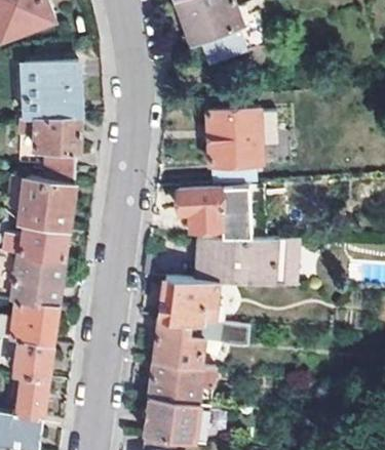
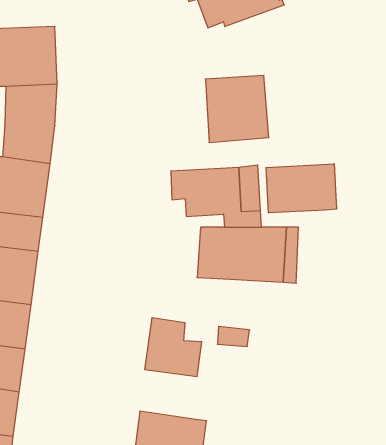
building: none -> [266,164,337,213]
building: [160,280,217,322] -> none
building: [150,361,216,405] -> none

